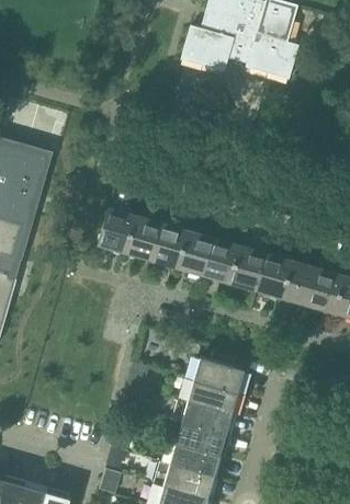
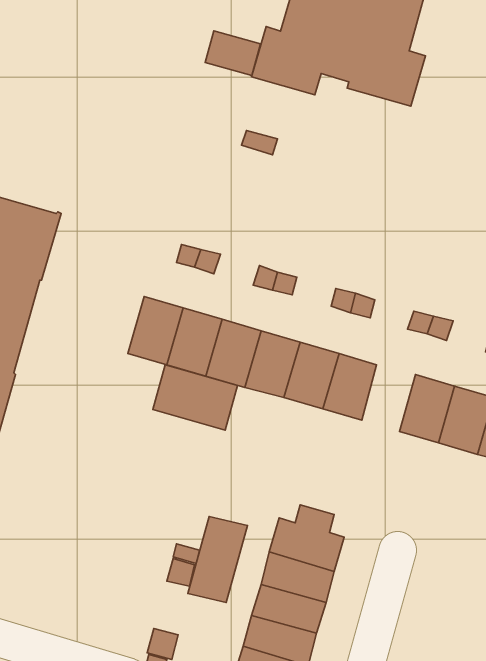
building: none -> [205,31,260,76]
building: none -> [153,365,238,430]
building: [256,254,292,299] -> none
building: none -> [188,516,247,603]

